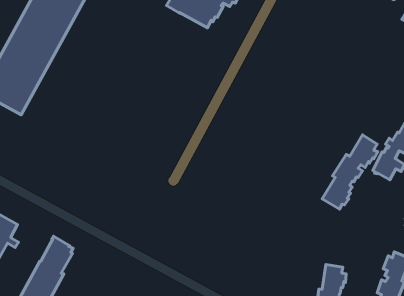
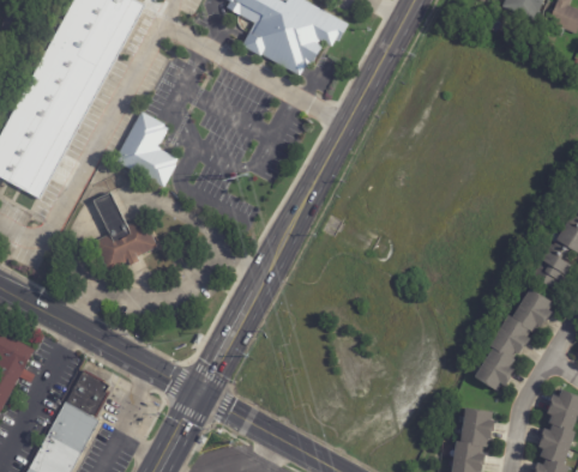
building: none -> [113,110,176,188]
building: none -> [91,192,157,271]
building: [322,135,378,209] -> [474,288,552,392]

